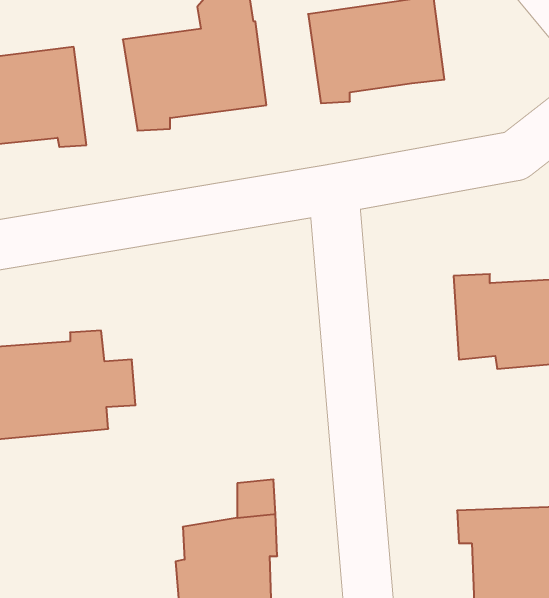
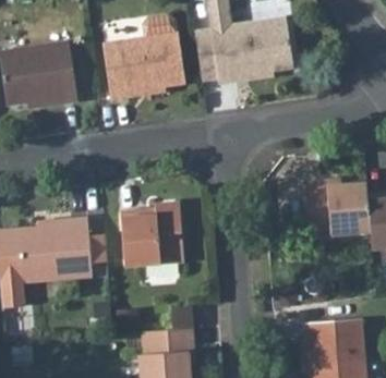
building: none -> [122,202,186,266]

